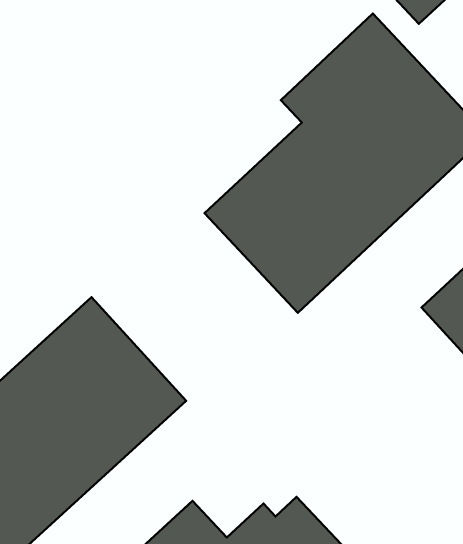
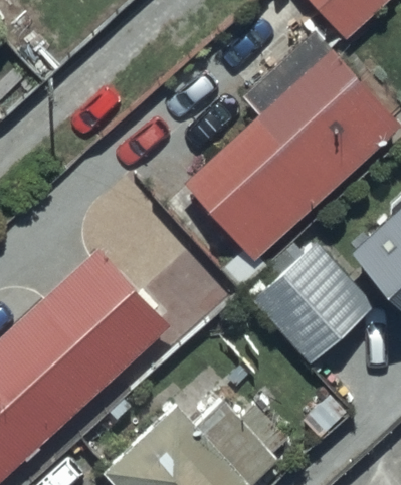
building: none -> [253,242,376,365]

